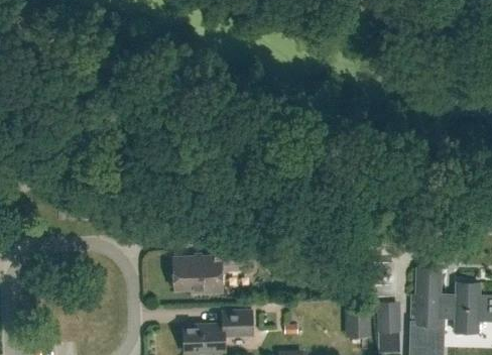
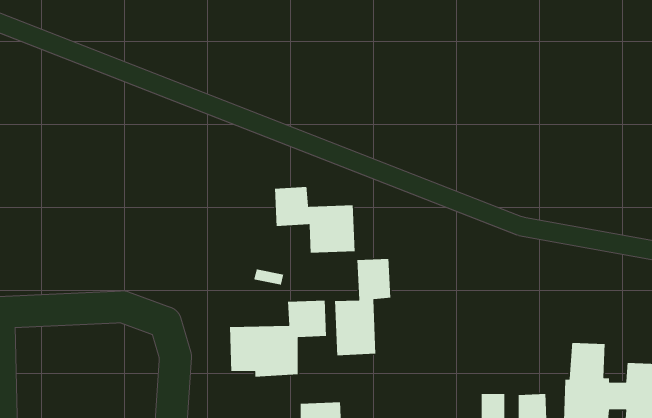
building: none -> [274,186,356,254]
building: none -> [334,258,391,356]

